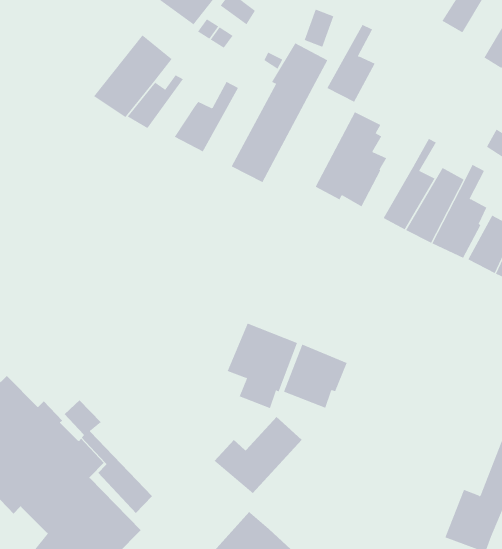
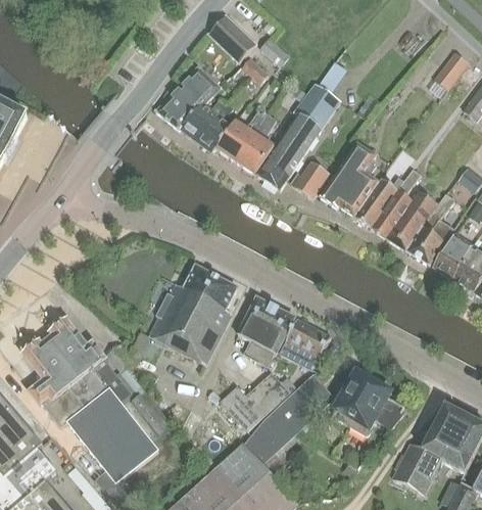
building: [327,24,375,103] -> [236,113,277,174]
building: none -> [195,102,233,150]
building: none -> [294,159,329,196]
building: none -> [354,177,397,226]
building: none -> [148,264,237,364]
building: none -> [335,371,407,433]
building: none -> [244,376,328,458]

